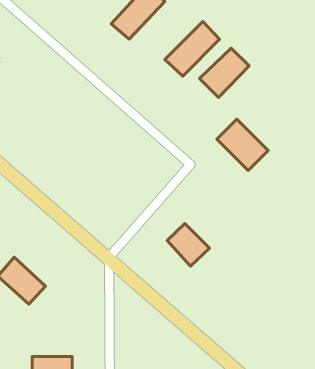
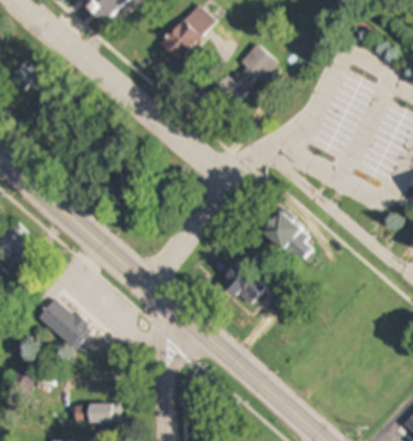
building: [199,48,249,97] -> none
building: [217,119,268,170] -> [261,209,316,264]

